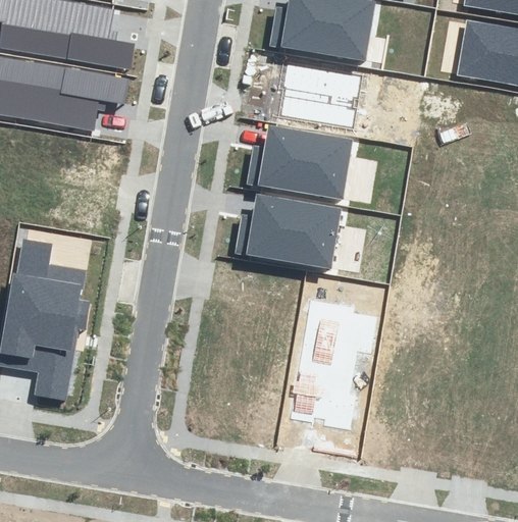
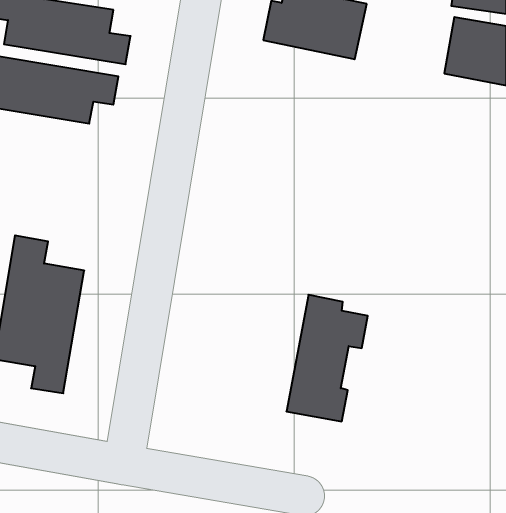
building: [279,65,364,124] -> none
building: [245,121,357,203] -> none
building: [231,192,344,273] -> none

